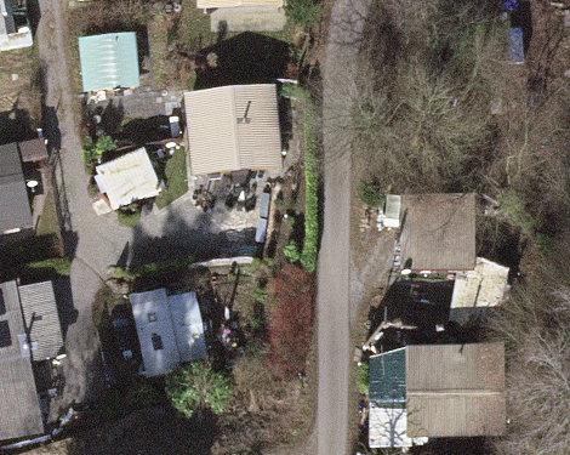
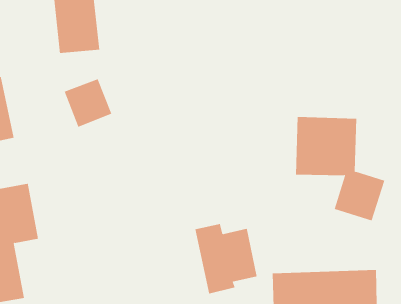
building: [186,84,279,222] -> none
building: [125,288,207,380] -> [195,224,258,294]

